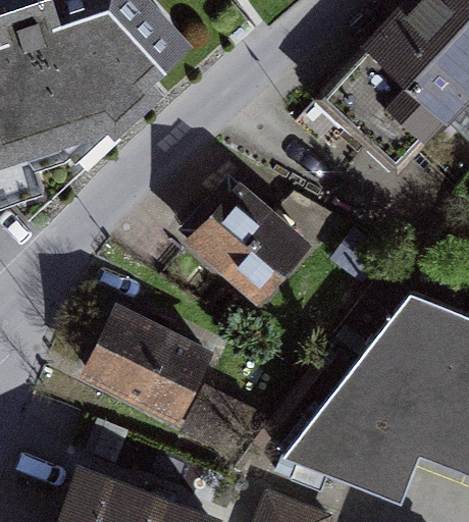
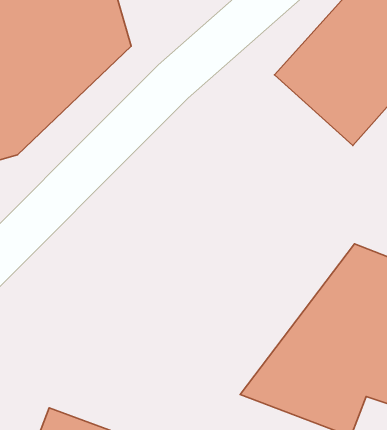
building: [193,190,319,314] -> none
building: [77,305,215,422] -> none

